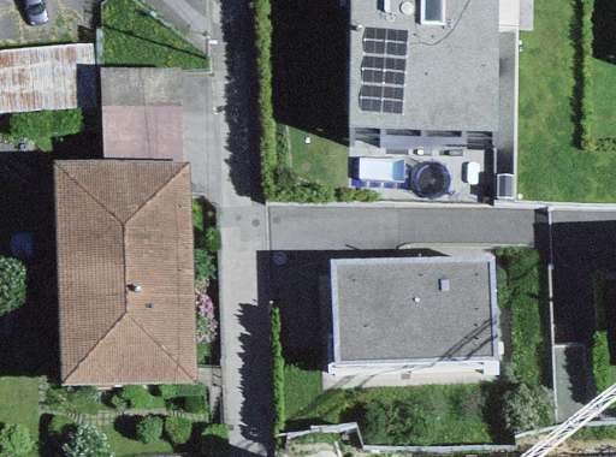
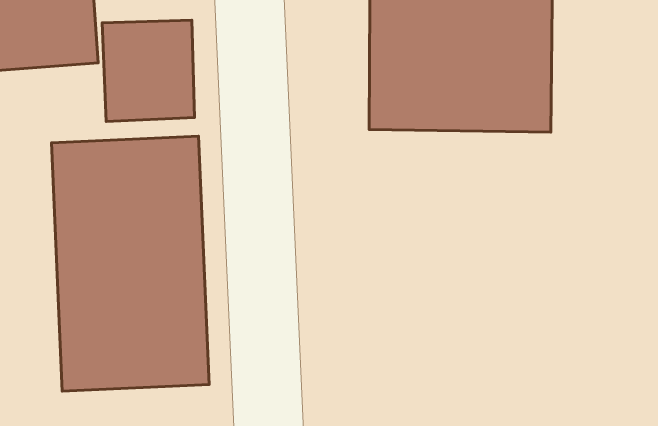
building: [333,262,499,373] -> none

